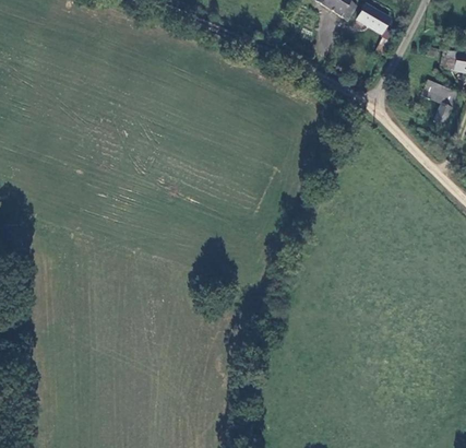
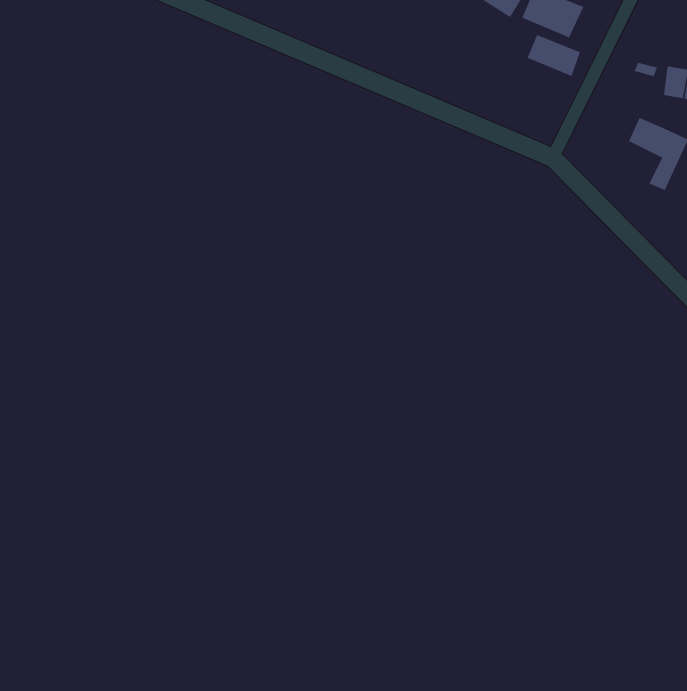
building: none -> [527,34,581,77]

